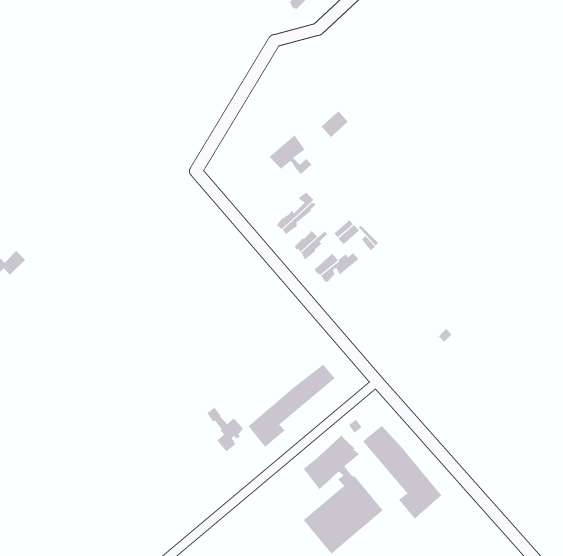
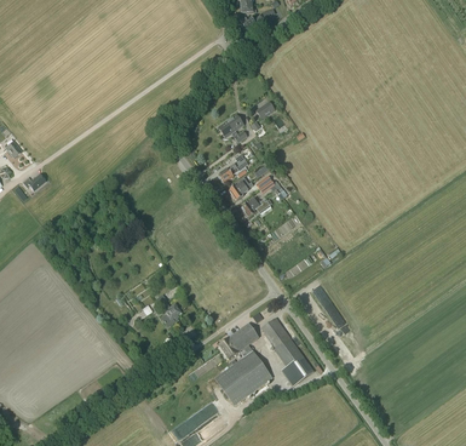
building: [248,364,336,448] -> none

